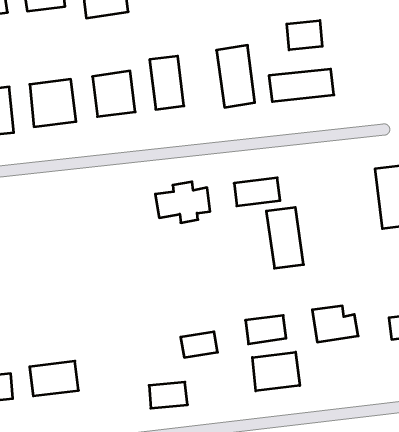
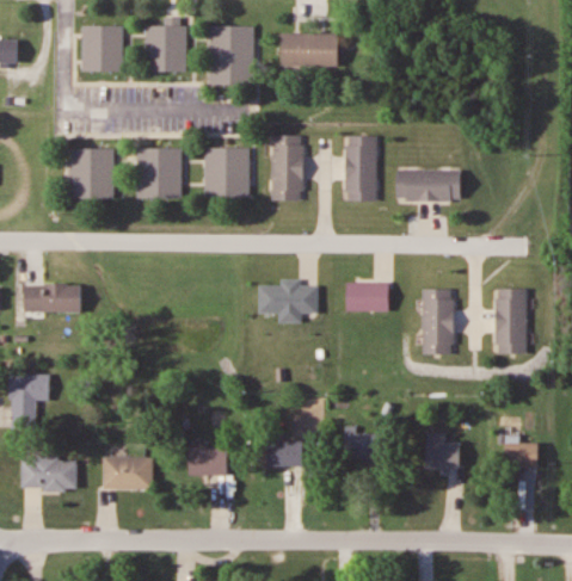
building: [287,20,322,50] -> none
building: [266,207,304,268] -> [423,289,456,352]
building: [252,352,300,391] -> none
building: [149,382,188,408] -> [185,449,226,475]

